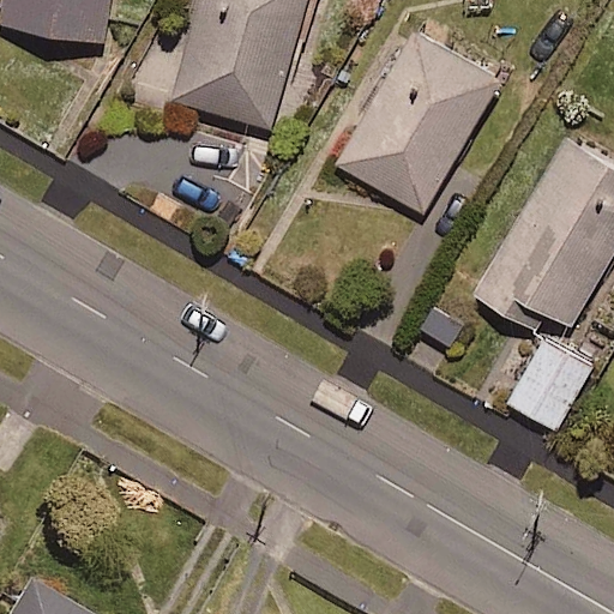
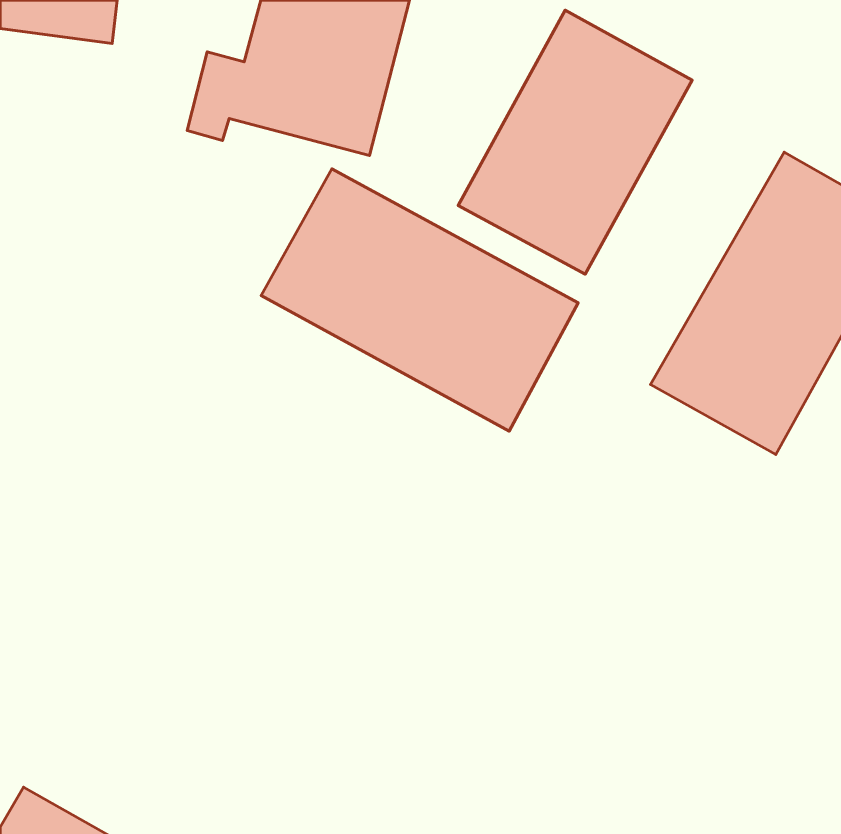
building: none -> [261,169,578,431]
building: [499,343,584,438] -> none

